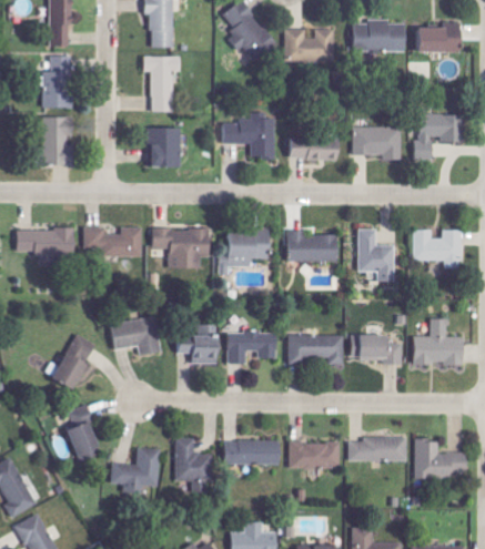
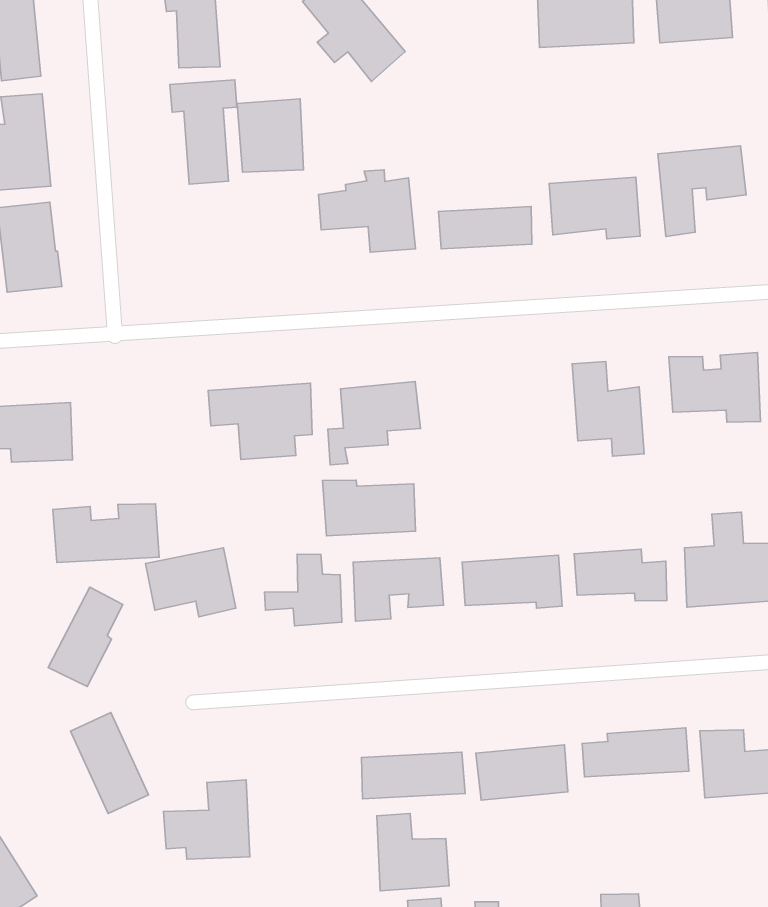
building: [284,29,333,61] -> none
building: [145,128,181,167] -> [237,99,304,172]
building: [83,226,141,257] -> [53,504,159,563]
building: [286,230,337,262] -> [323,480,415,536]
building: [173,438,212,480] -> [377,813,449,891]

